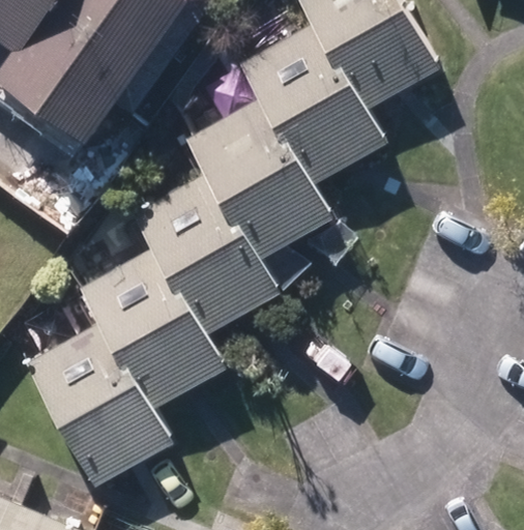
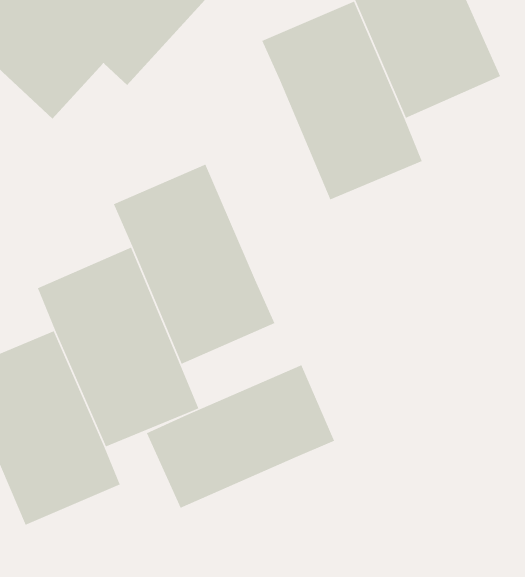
building: [187,93,330,259] -> none
building: none -> [146,364,335,509]

